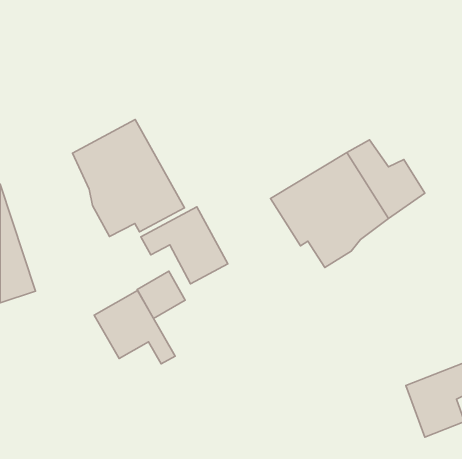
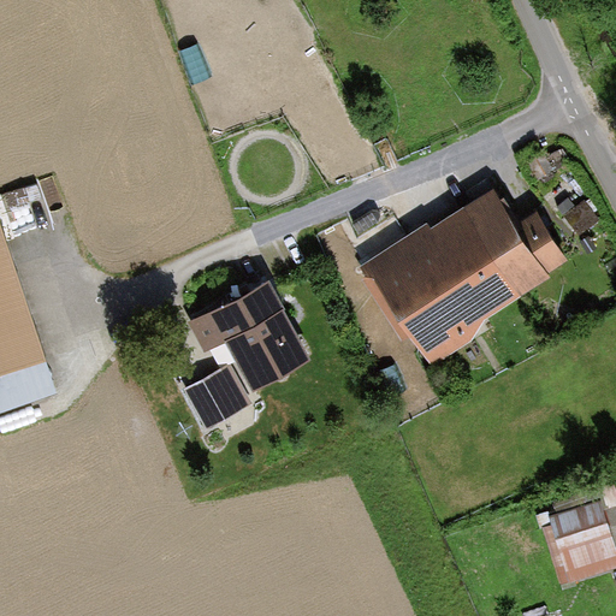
building: [72,119,184,236] -> none
building: [94,291,175,364] -> none

